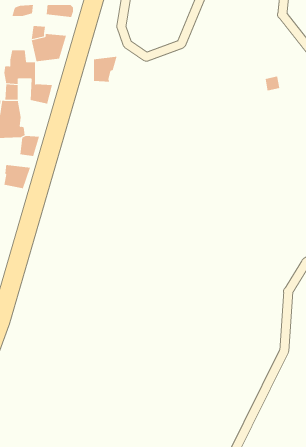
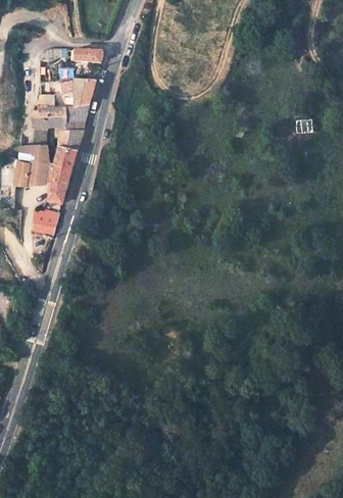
building: [93,56,117,82] -> [64,104,89,131]
building: none -> [49,146,77,183]

